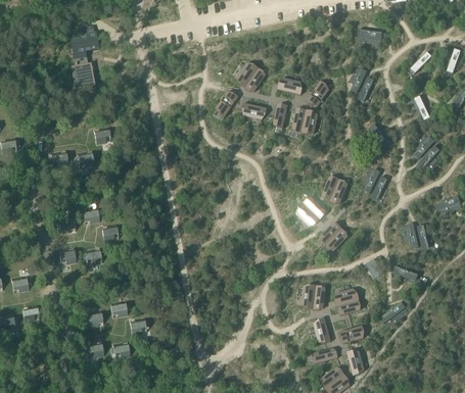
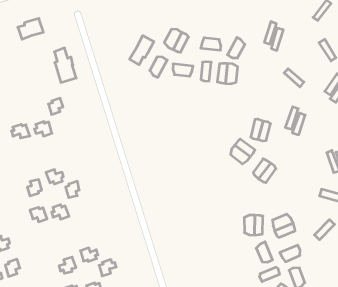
building: [73,51,95,90] -> [54,48,76,82]
building: none -> [130,36,154,65]

